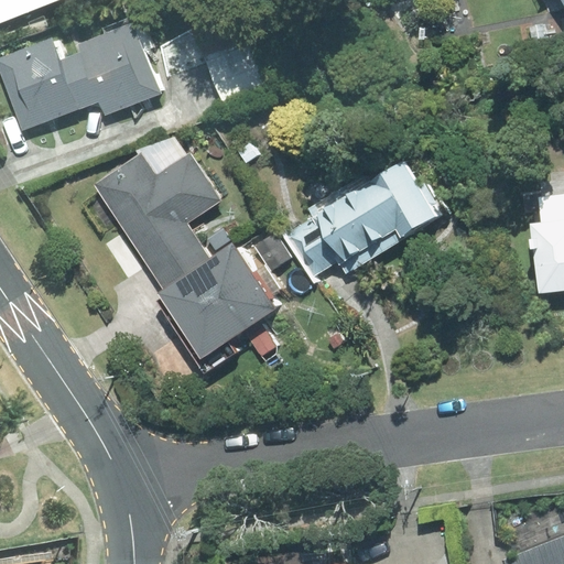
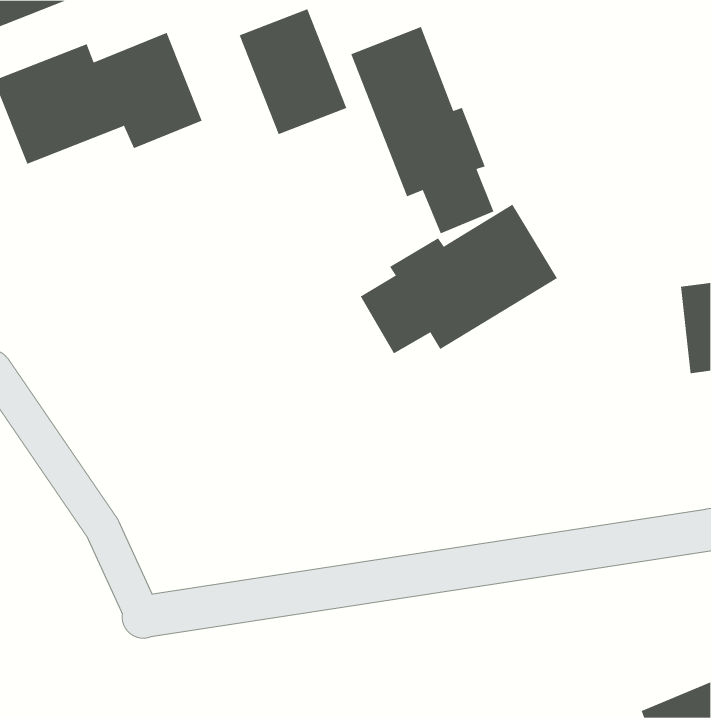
building: none -> [351,26,494,234]
building: [95,152,281,359] -> none

